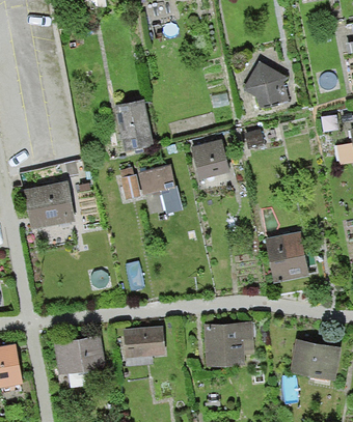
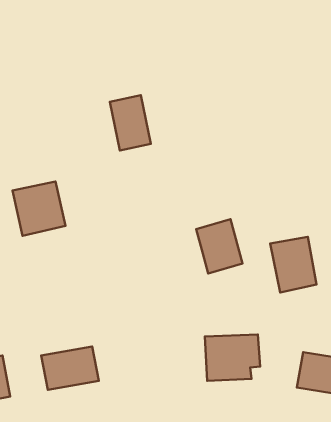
building: [243,62,287,106] -> none
building: [190,136,229,180] -> none
building: [138,166,182,217] -> [196,219,243,273]
building: [123,327,165,366] -> none

